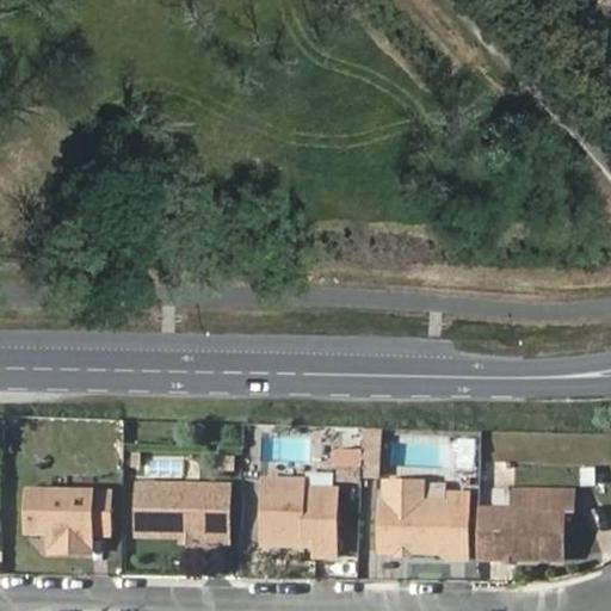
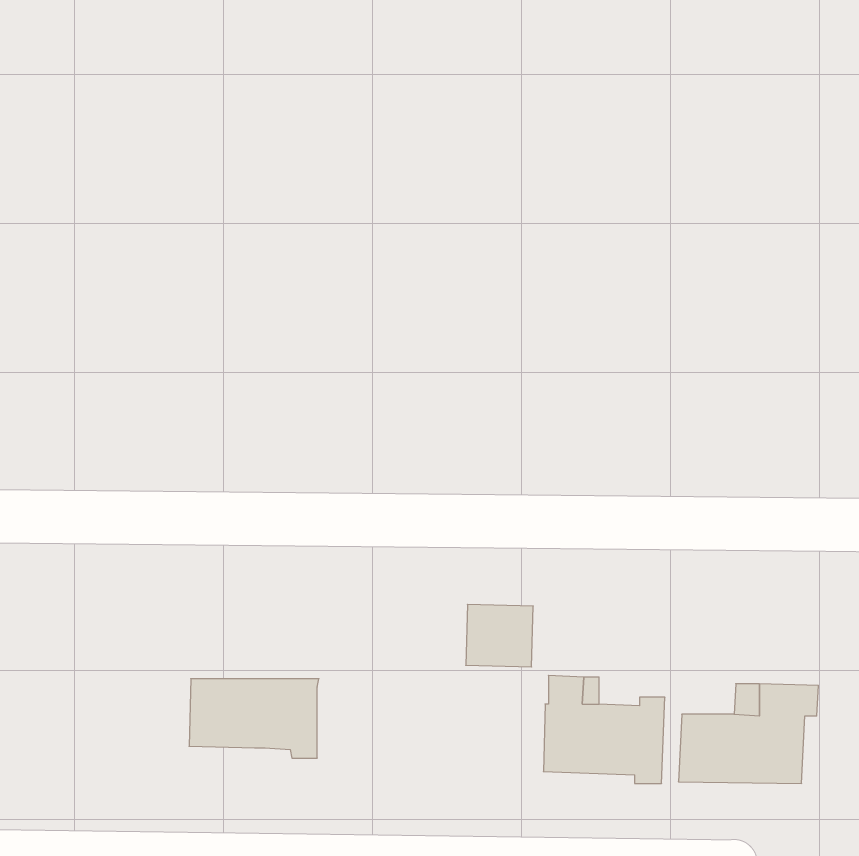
building: [261,476,334,554] -> none
building: [27,490,105,550] -> none

